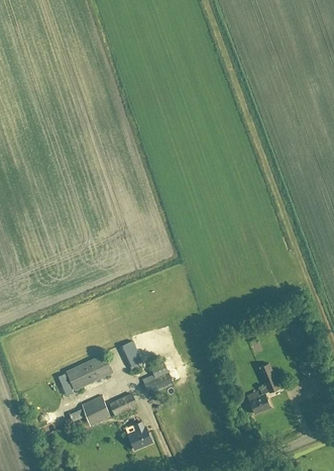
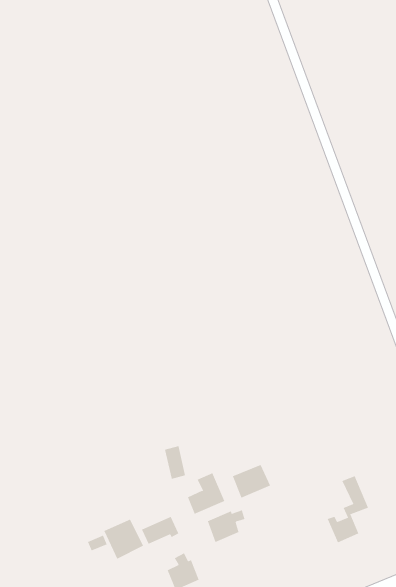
building: [65,355,111,390] -> none
building: none -> [232,464,271,498]
building: none -> [207,509,245,543]

